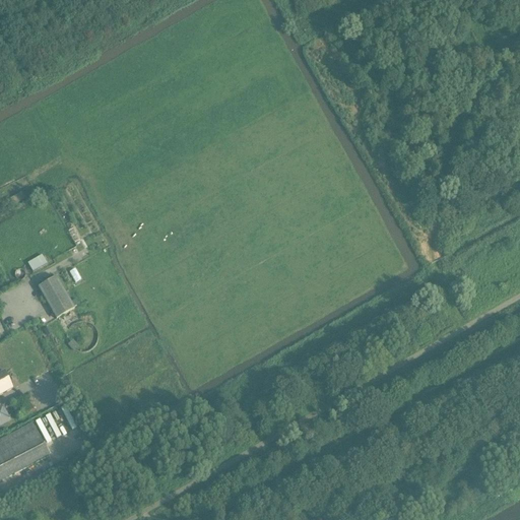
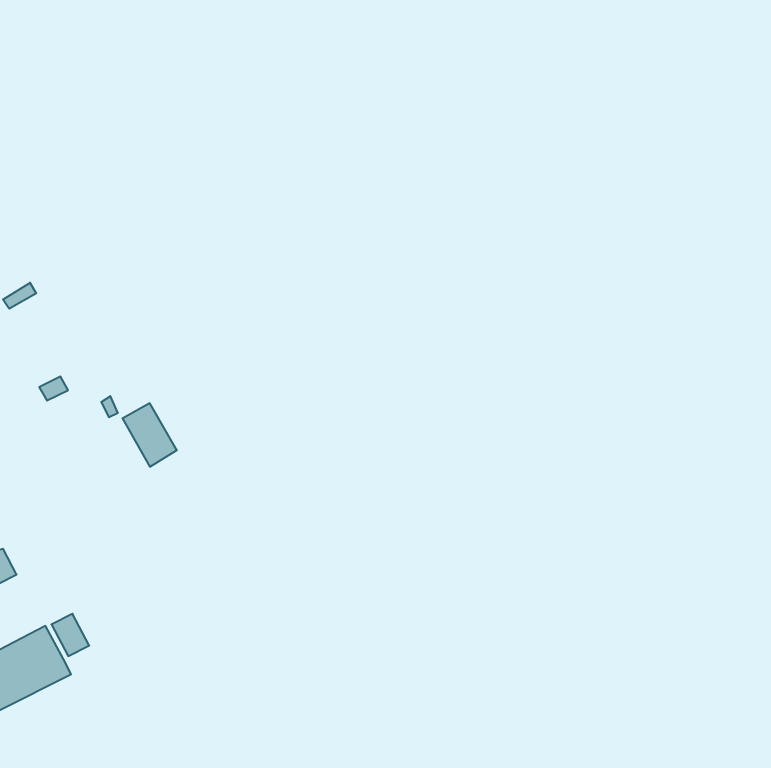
building: [37,274,73,317] -> [122,403,177,467]

